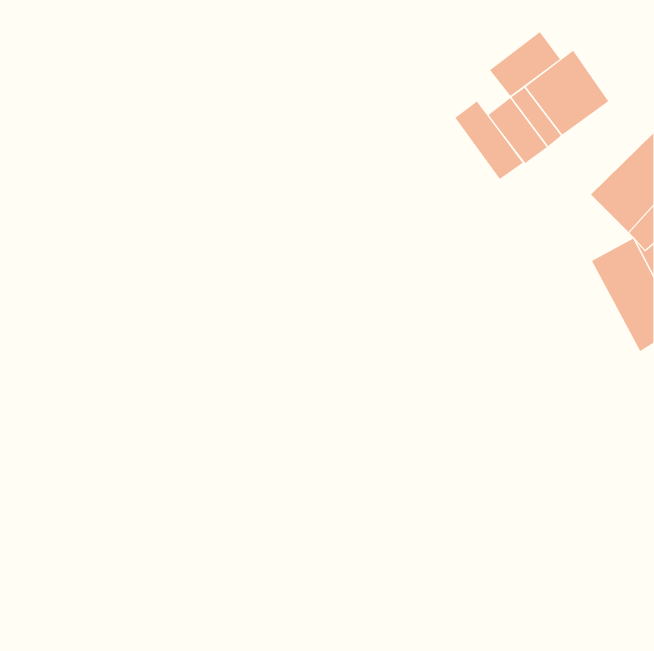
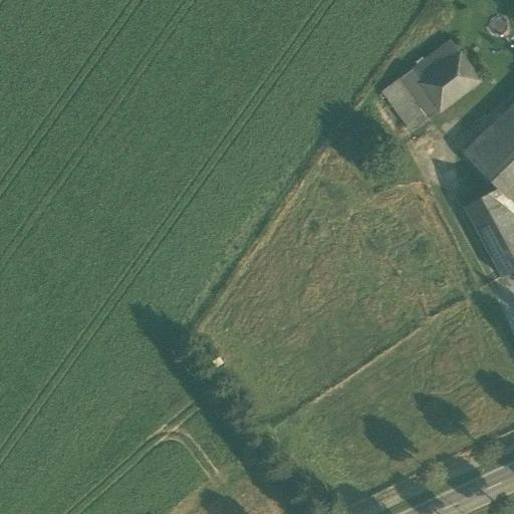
building: [489,31,561,97] -> none
building: [455,100,523,180] -> none

